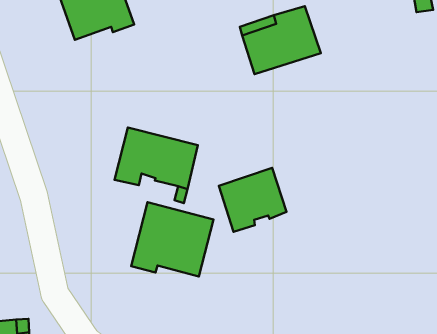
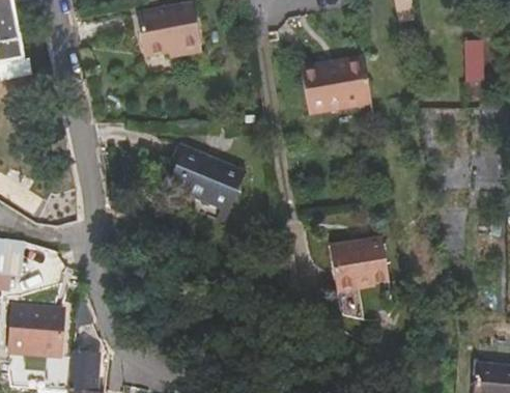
building: [219,168,287,232] -> [330,237,389,291]
building: [131,202,213,276] -> none

